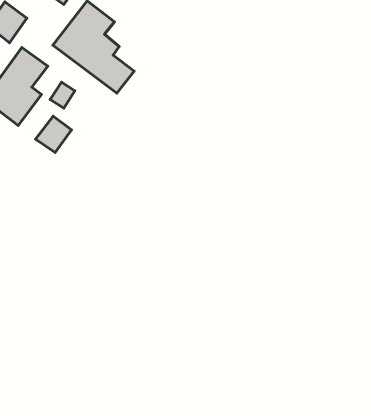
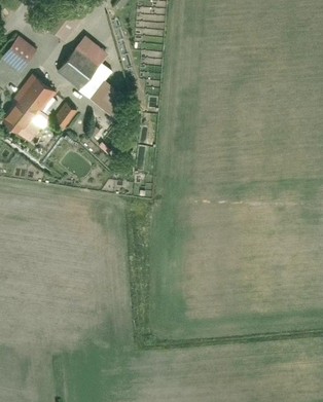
building: [36,116,72,153] -> none

